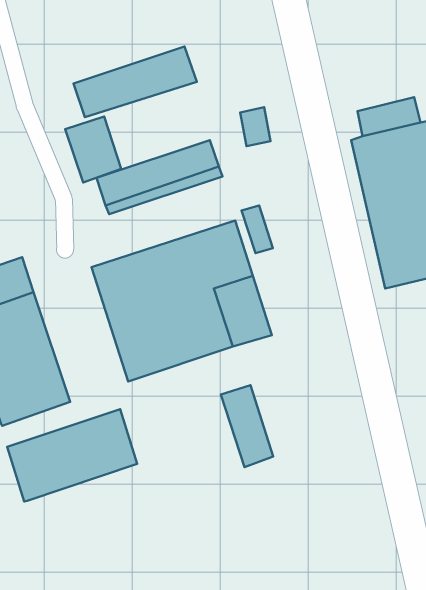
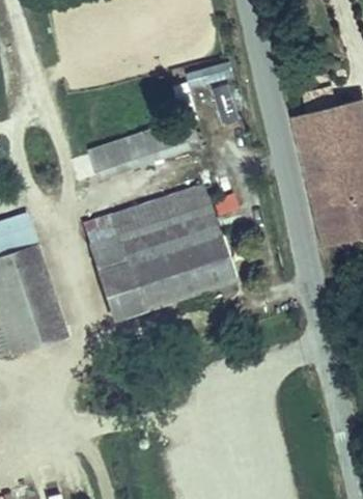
building: [74,47,197,117] -> none
building: [65,116,121,183] -> none
building: [221,385,273,467] -> none
building: [7,409,137,501] -> none

